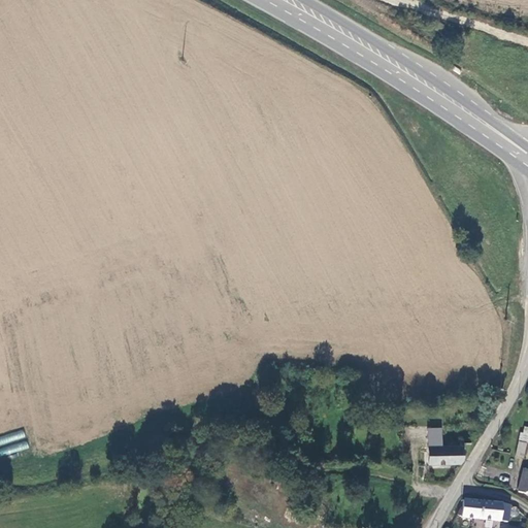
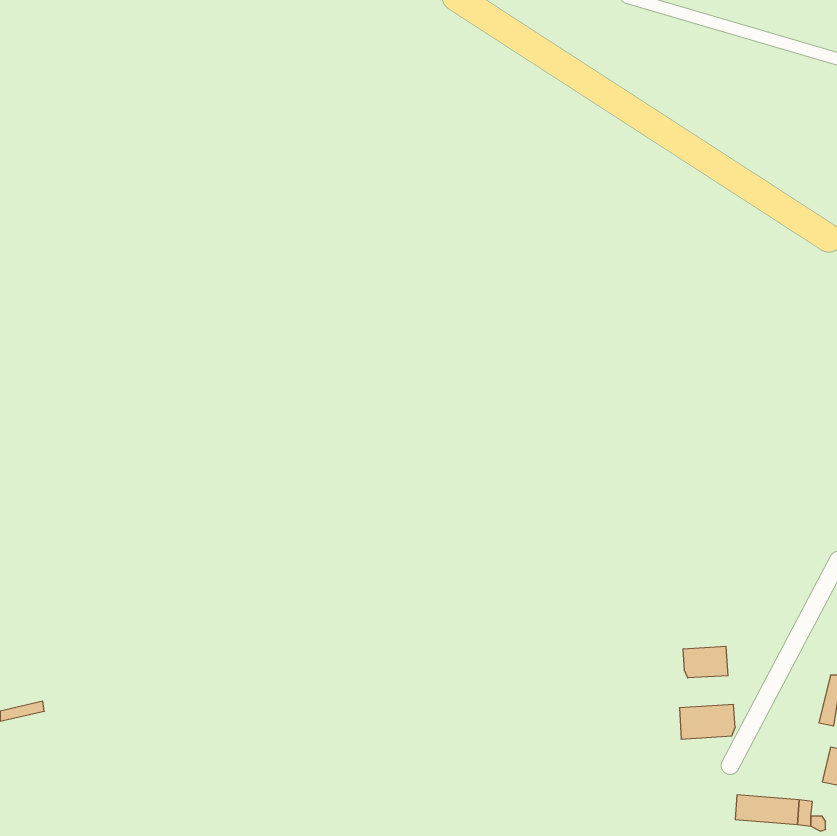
building: none -> [683,646,728,678]

